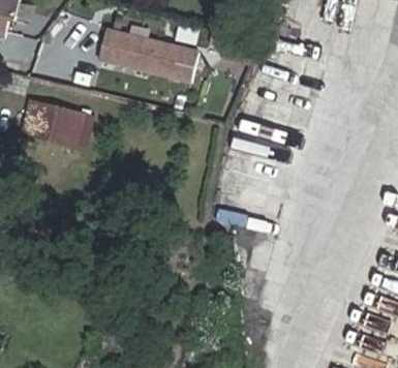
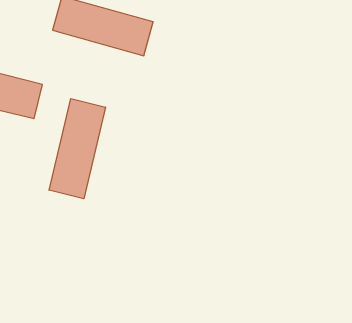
building: none -> [49,99,105,199]

